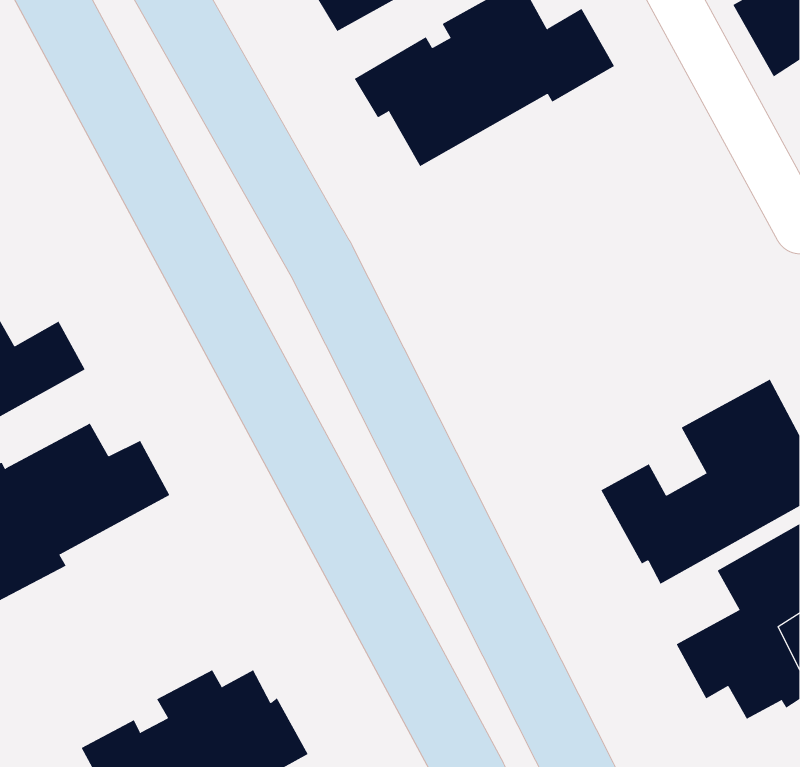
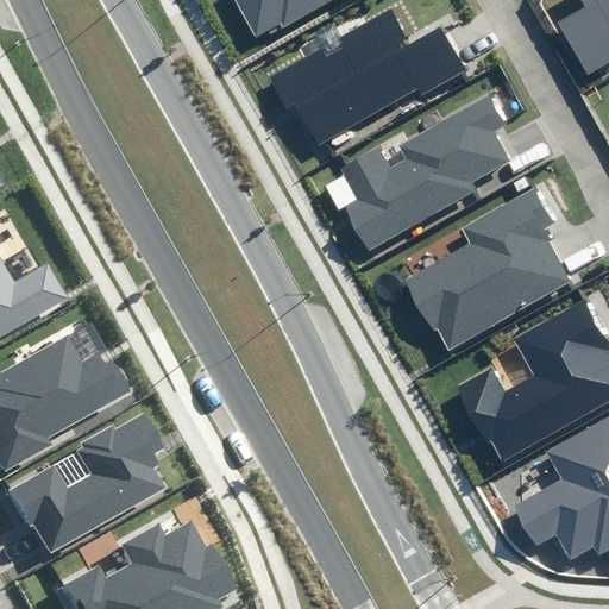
building: none -> [343,95,511,250]
building: none -> [404,188,570,347]
building: none -> [8,416,164,552]

